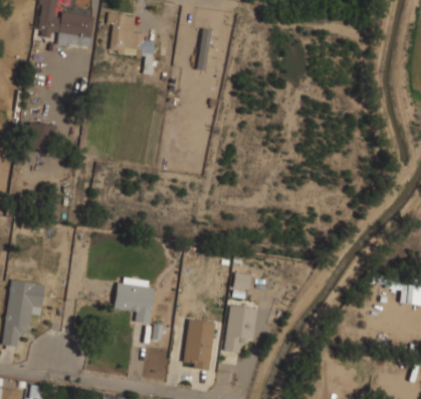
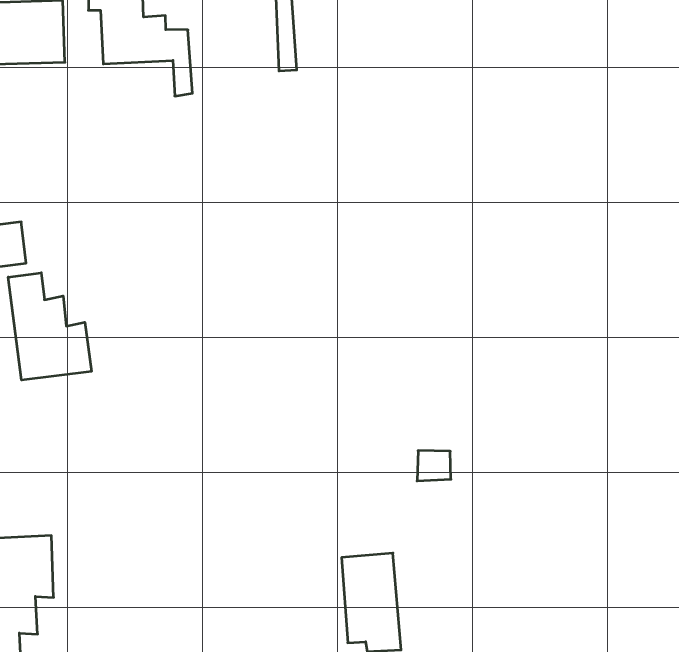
building: none -> [8,273,91,380]
building: [116,276,156,324] -> none
building: [224,305,258,353] -> none

